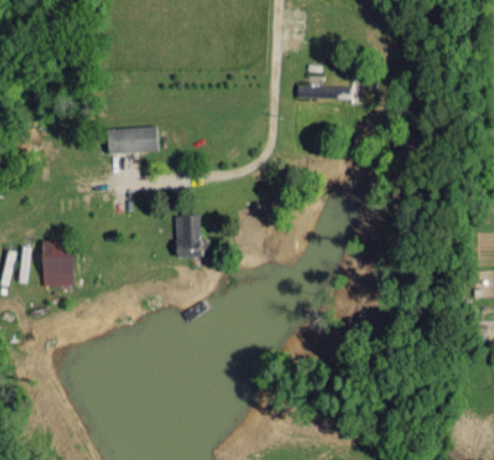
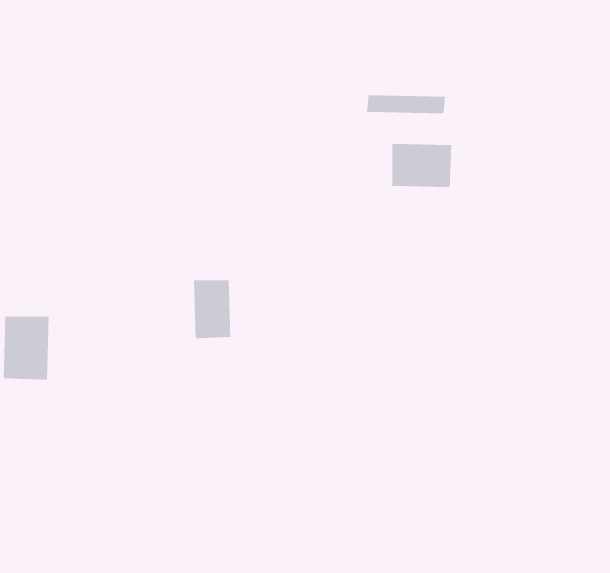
building: none -> [392,143,452,188]
building: [107,126,158,154] -> none

